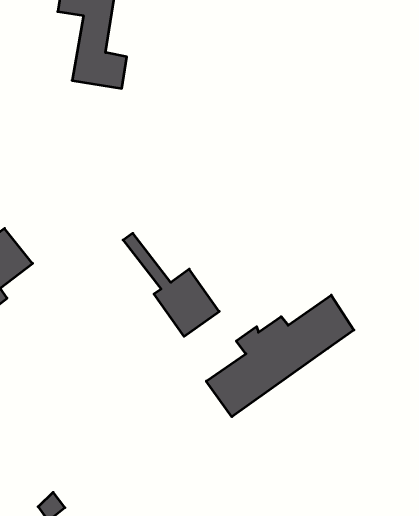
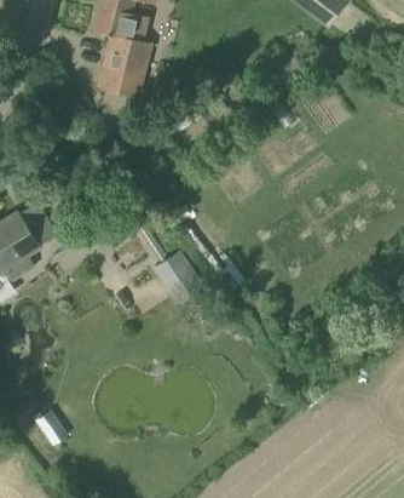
building: [206,295,354,417] -> none

